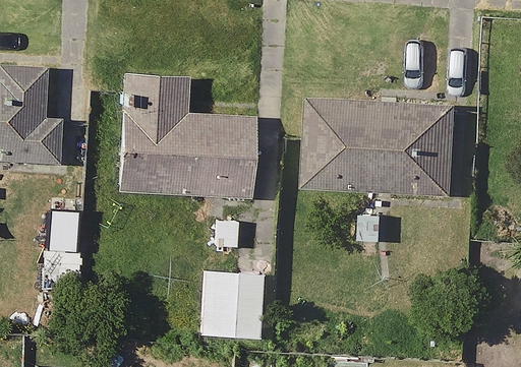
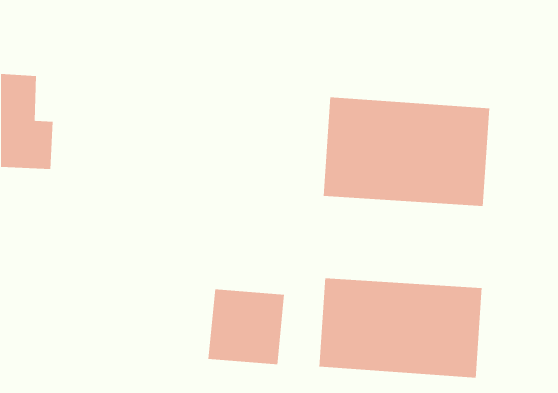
building: [116,70,255,200] -> none
building: none -> [319,277,482,378]

